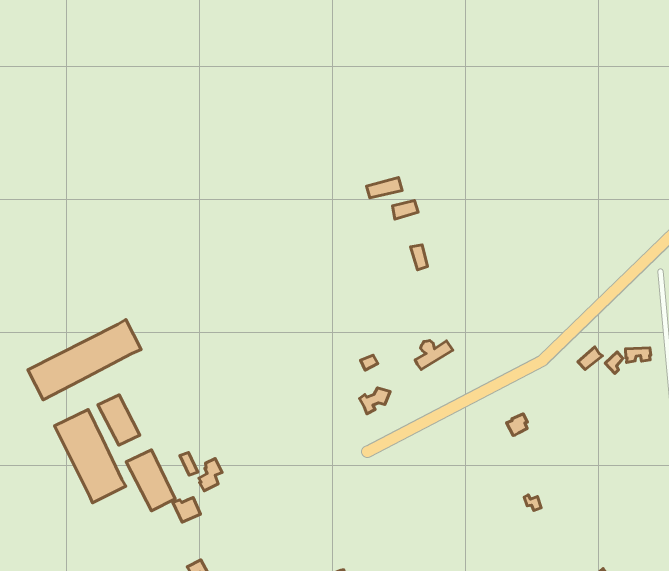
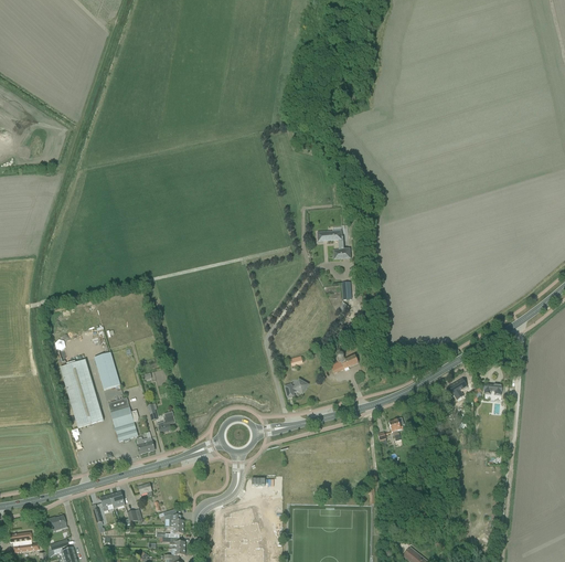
building: [28,319,141,400] -> none

